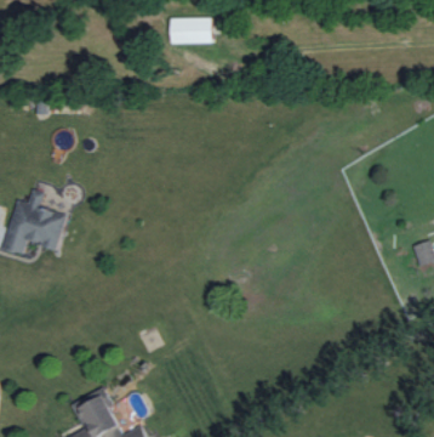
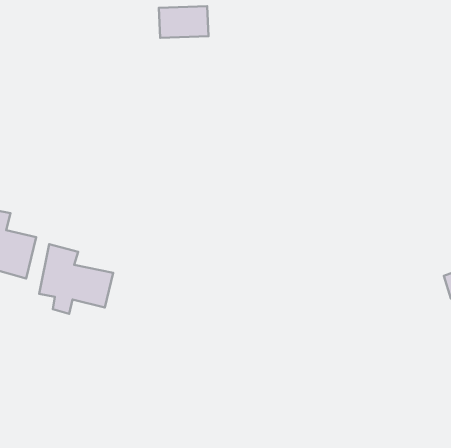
building: none -> [39,244,113,314]

